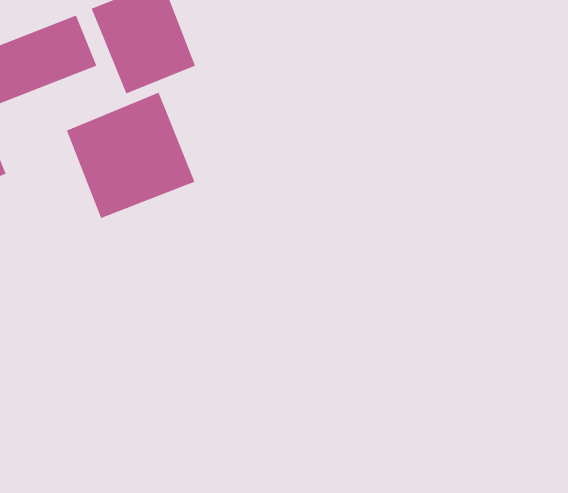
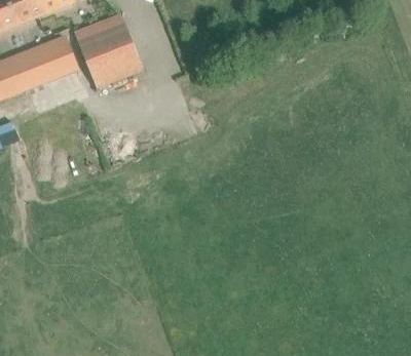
building: [66,92,195,219] -> none

